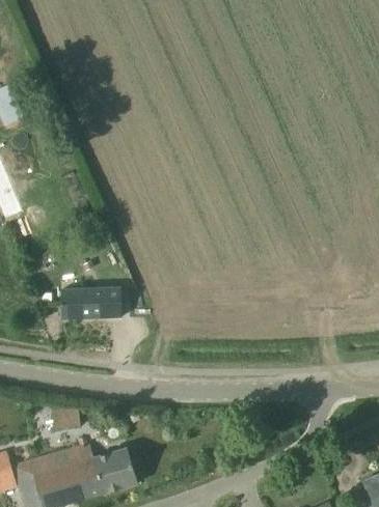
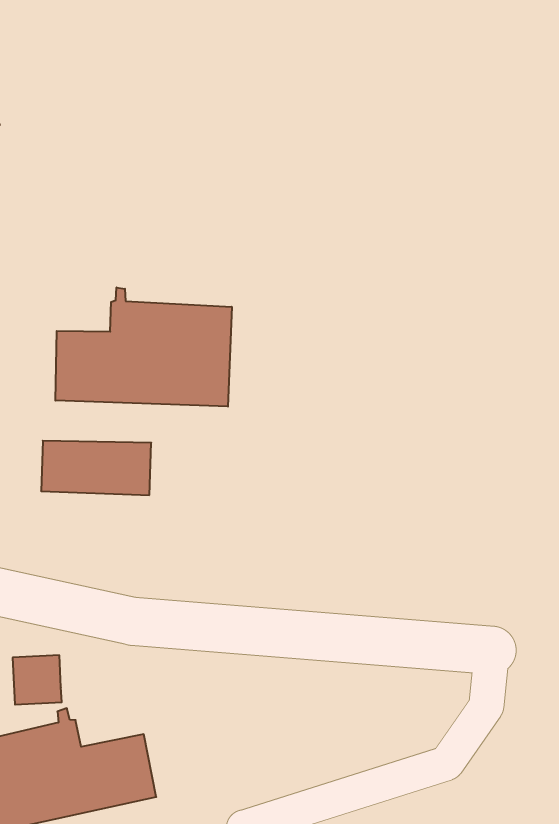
building: none -> [55,287,232,407]

